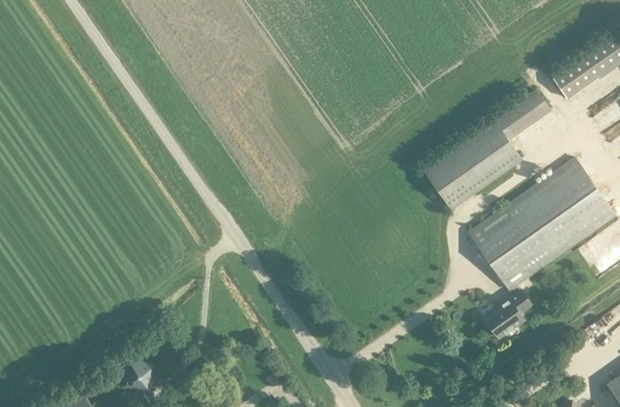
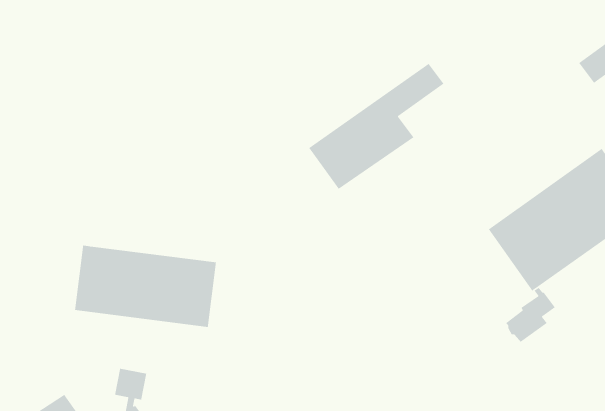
building: [424,91,550,208] -> [308,63,445,190]
building: none -> [74,244,217,328]

